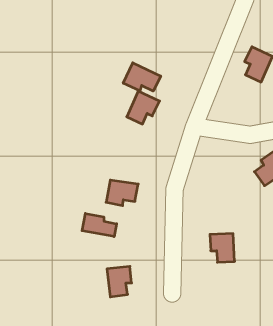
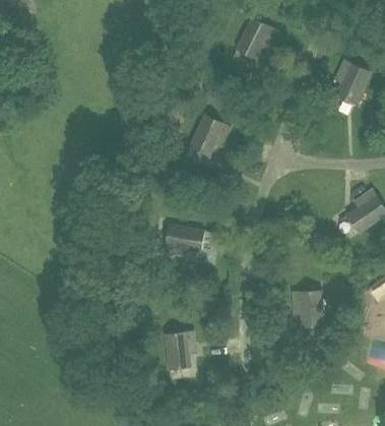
building: none -> [236,17,276,59]
building: [123,63,161,91] -> none
building: [82,213,117,237] -> none

